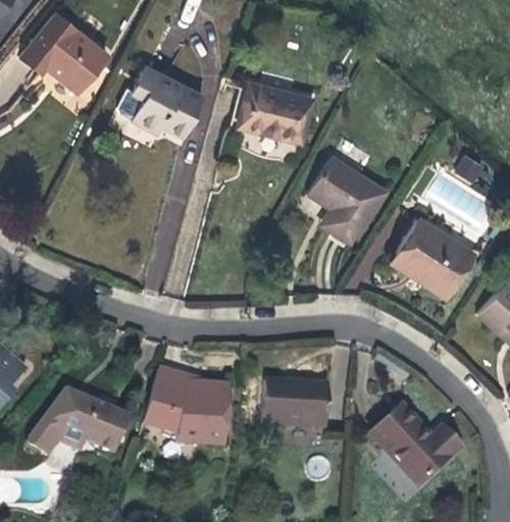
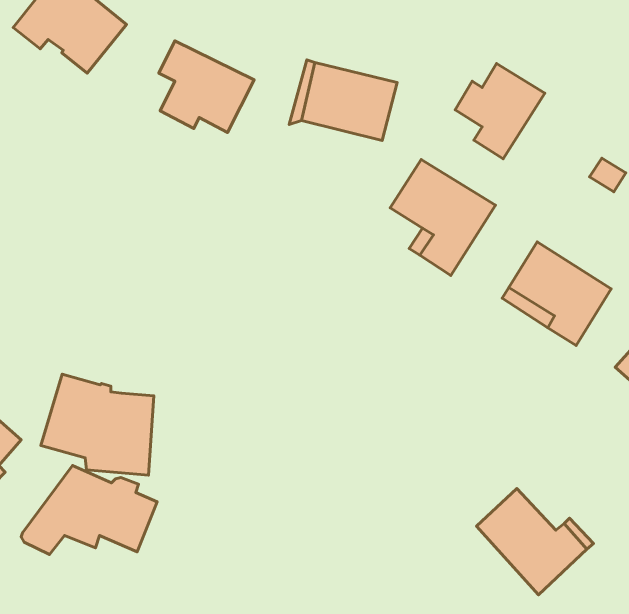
building: none -> [455,63,545,159]
building: [144,368,230,445] -> [41,374,154,475]
building: [263,378,329,427] -> none

